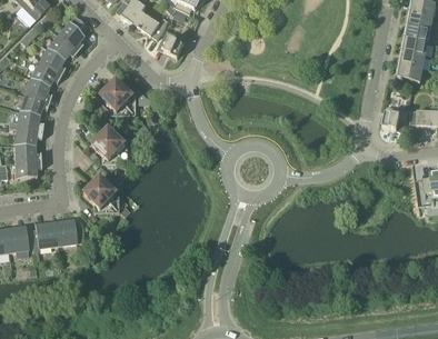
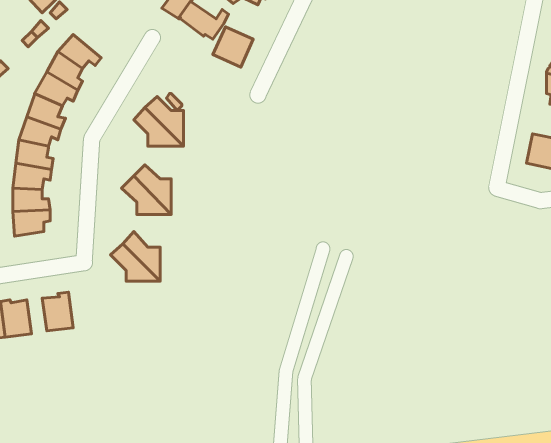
building: [57,14,87,51] -> none
building: [53,219,82,245] -> none

